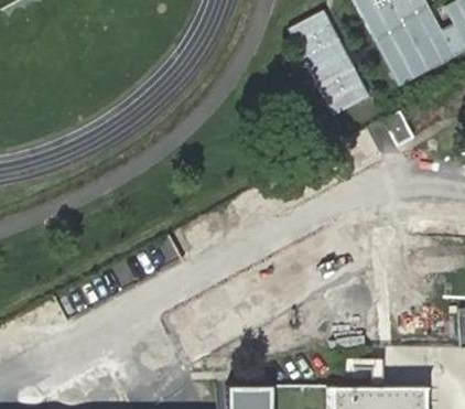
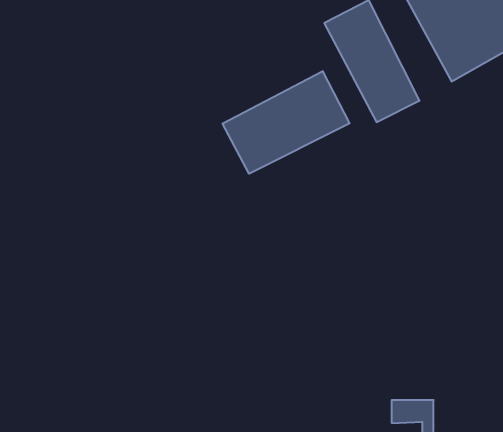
building: none -> [223,71,350,174]

